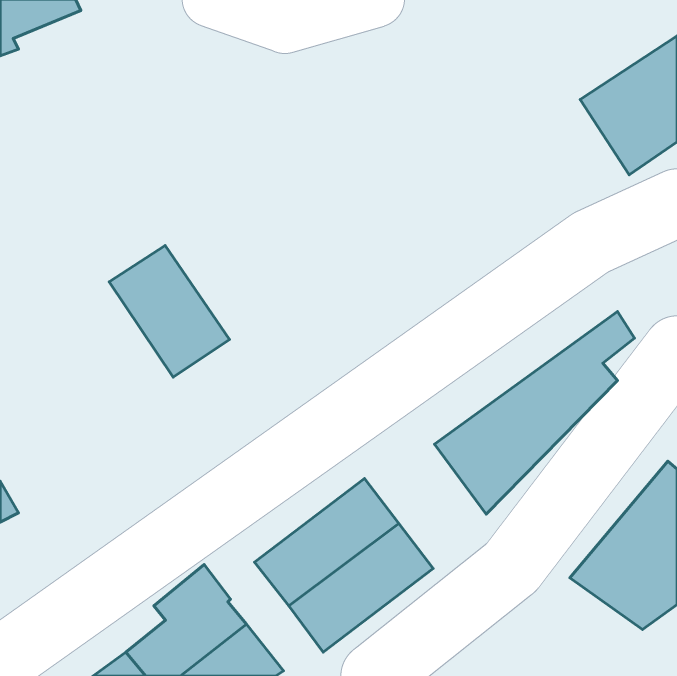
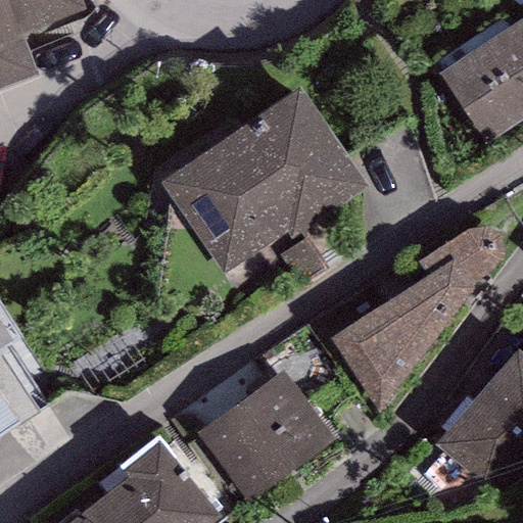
building: none -> [168,99,354,270]
building: [109,245,230,377] -> none

